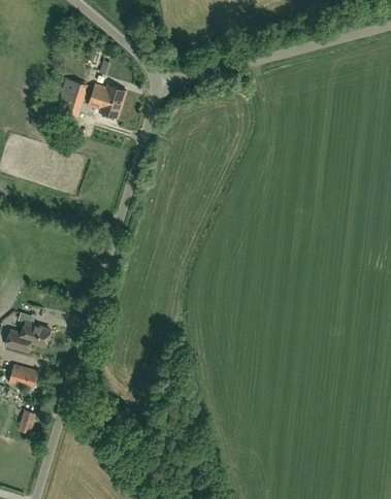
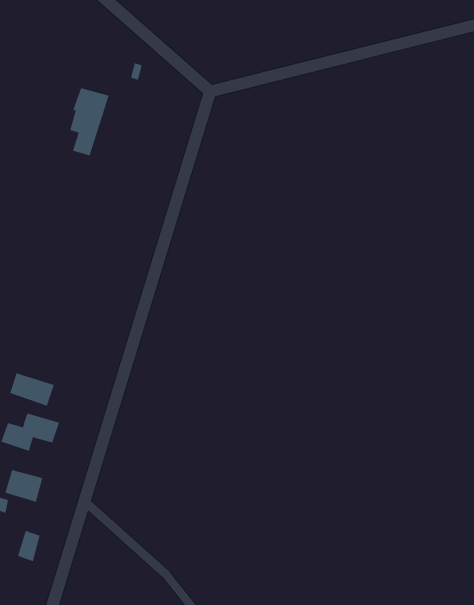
building: [89,84,126,117] -> none
building: none -> [10,372,54,406]

